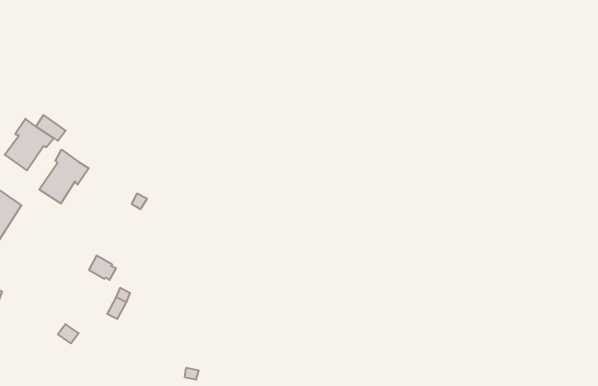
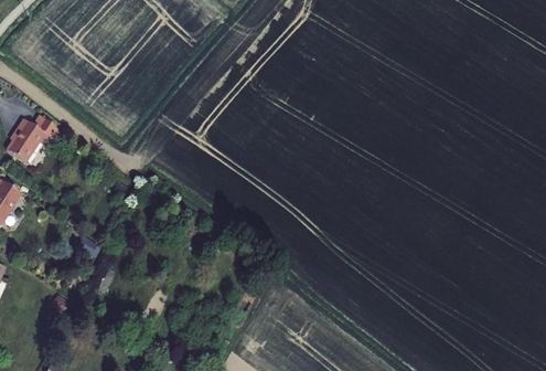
building: [39,150,89,204] -> none

